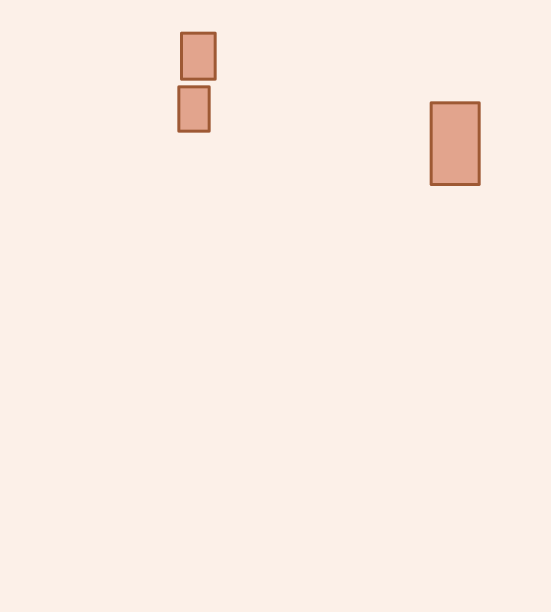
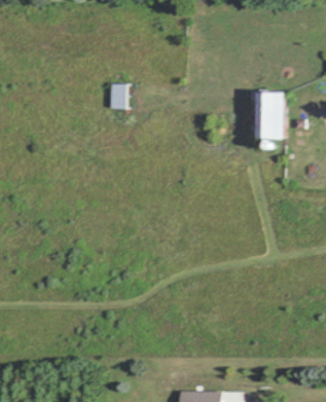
building: [182,33,215,79] -> none

